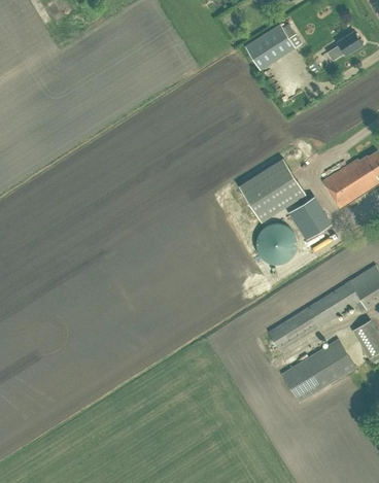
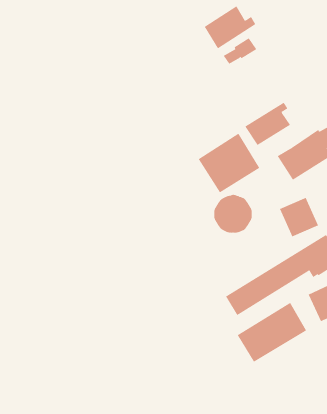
building: [326,31,363,60] -> [223,37,257,65]
building: none -> [245,102,291,146]
building: [294,197,336,239] -> [279,197,319,237]

